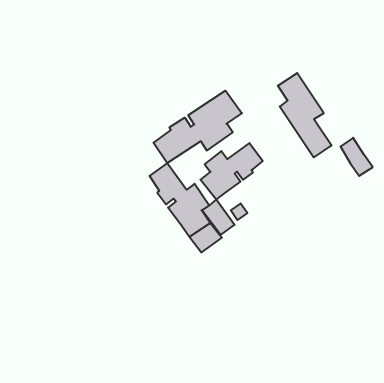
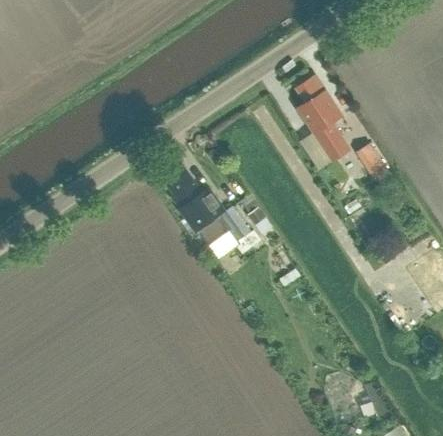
building: [153,91,242,163] -> none
building: [200,143,263,200] -> none

